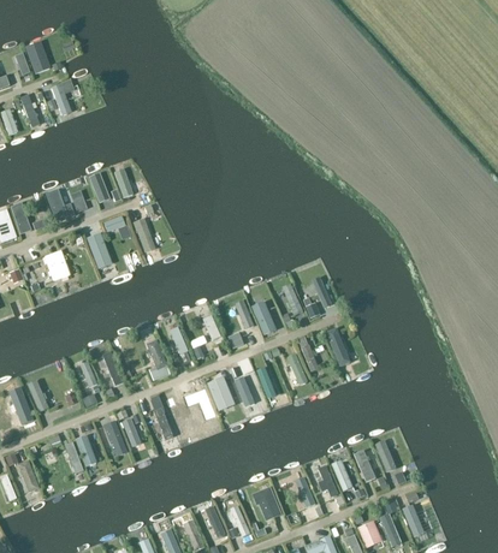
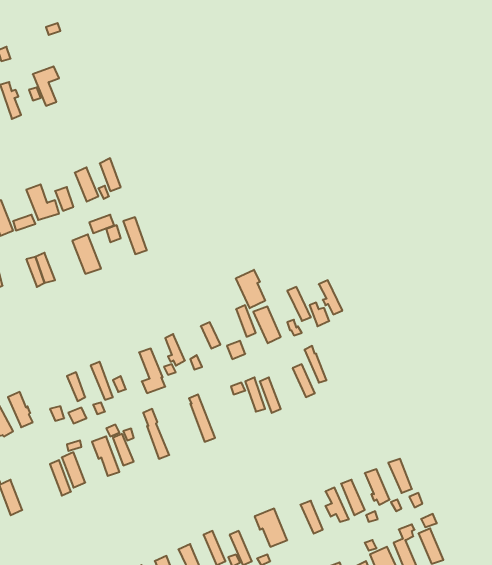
building: [24,41,51,75] -> none
building: none -> [236,270,265,308]
building: [325,326,356,365] -> none
building: [207,375,236,411] -> none

